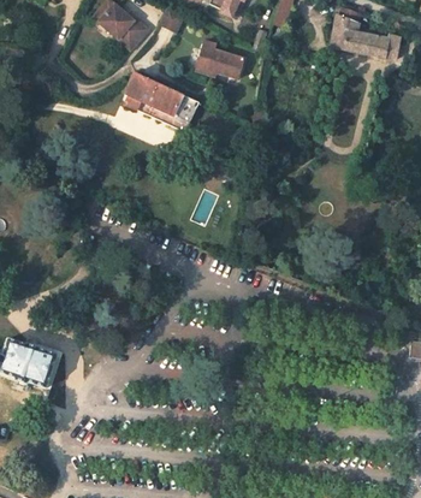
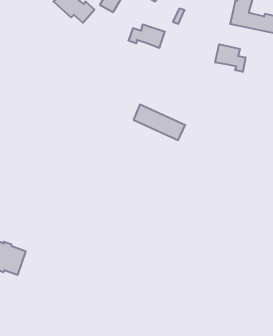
building: [124,73,194,121] -> [134,105,185,140]
building: none -> [215,44,246,72]

